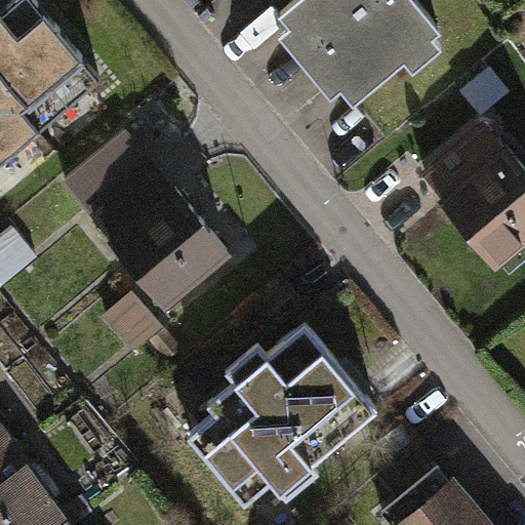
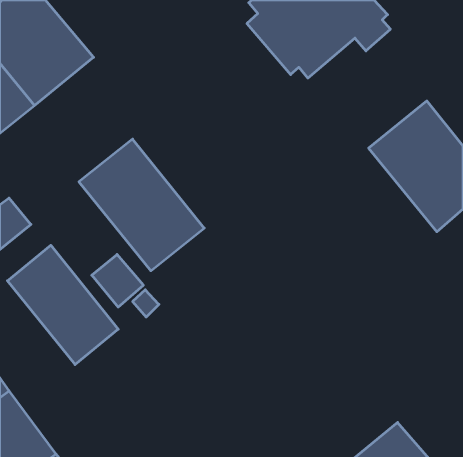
building: none -> [7,245,118,365]
building: [178,317,380,508] -> none

